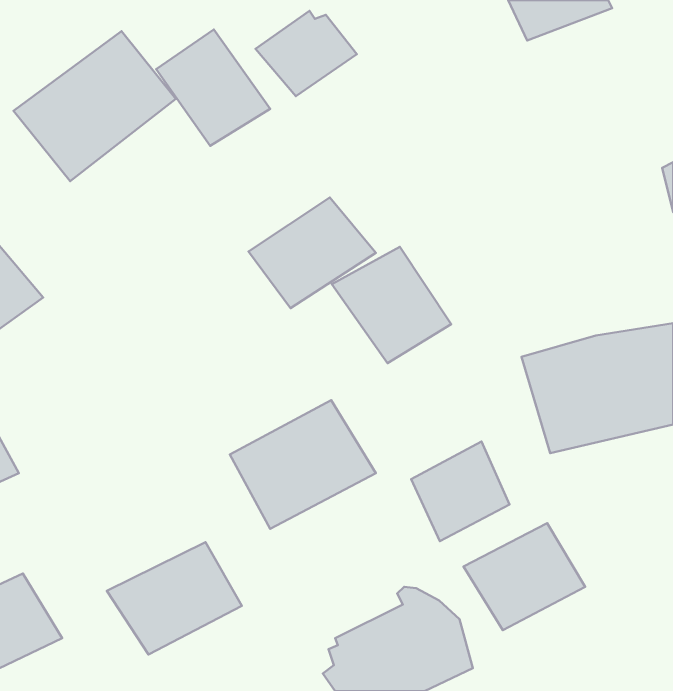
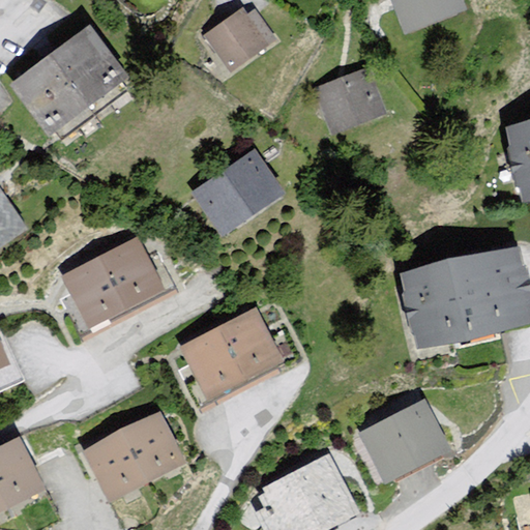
building: [156,30,270,146] -> none
building: none -> [306,67,387,134]
building: [332,247,451,363] -> none
building: none -> [60,239,169,329]
building: [411,442,509,541] -> none

